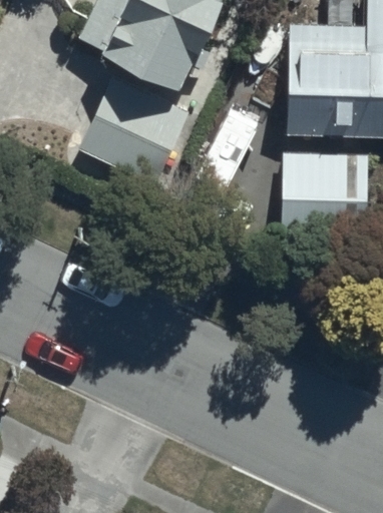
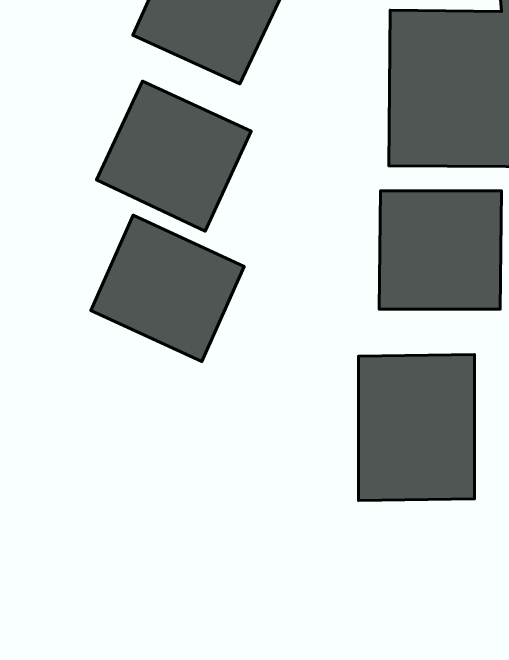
building: none -> [91,215,244,362]
building: none -> [358,354,475,500]

